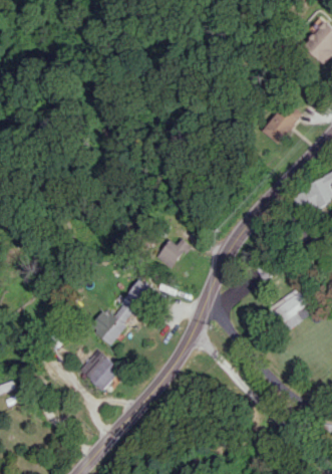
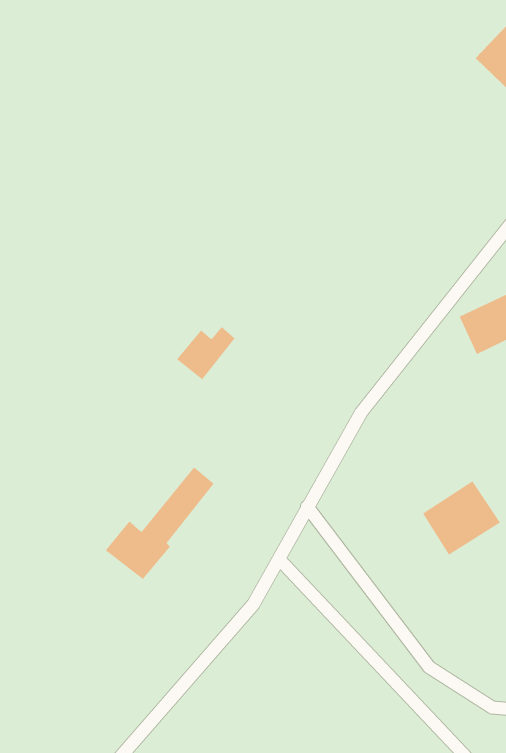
building: [261,101,301,144] -> none
building: [155,238,190,269] -> [176,326,236,380]
building: [79,349,120,390] -> none

